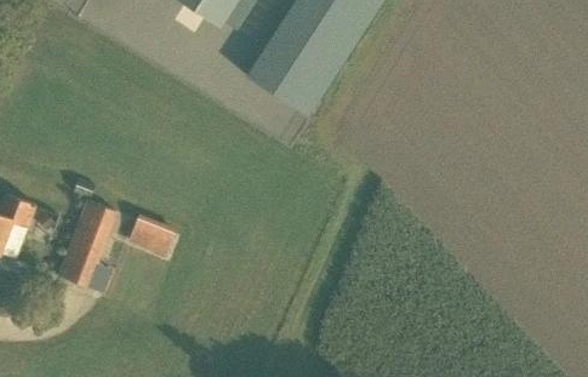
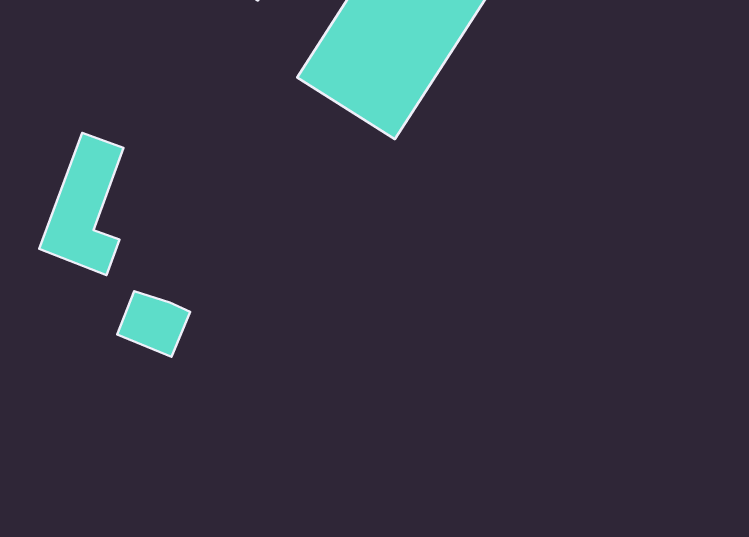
building: [61,200,115,292] -> [39,133,123,275]

